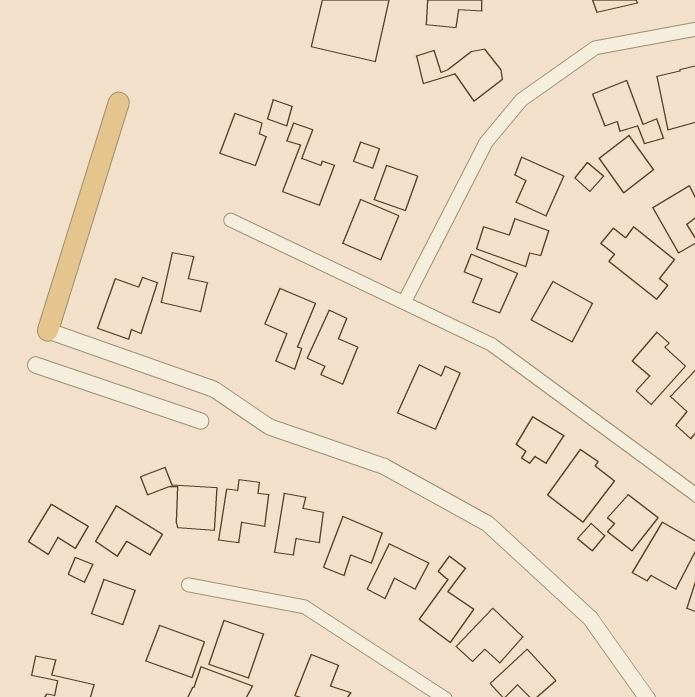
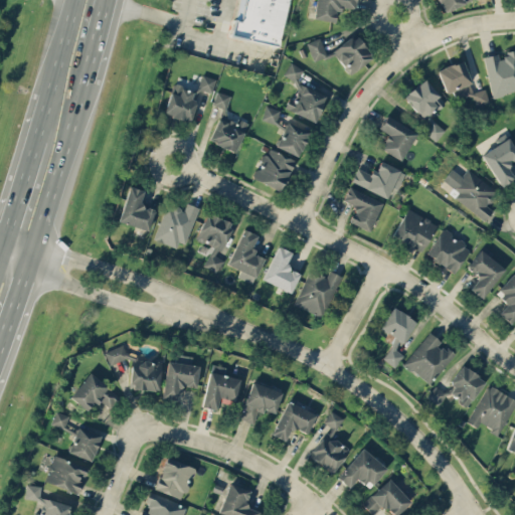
building: none -> [285,62,328,123]
building: [599,135,654,193] -> [405,78,446,121]
building: [97,278,158,339] -> [155,203,199,248]
building: none -> [426,229,472,274]
building: none -> [264,246,301,293]
building: [29,504,88,555] -> none
building: [146,625,204,677] -> [45,456,89,494]

